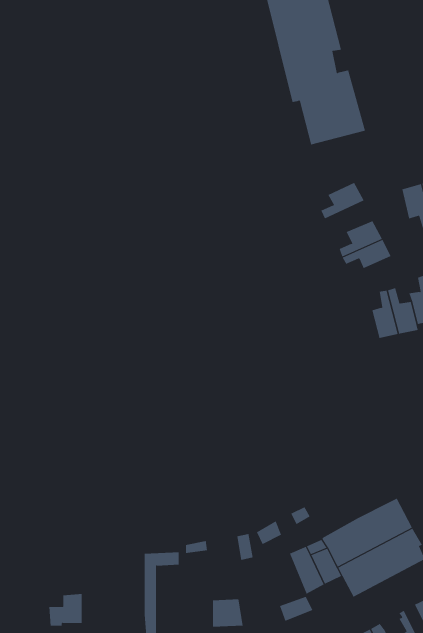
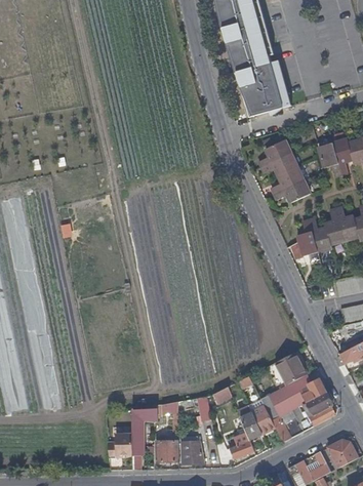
building: none -> [263,155,297,177]
building: none -> [276,351,309,383]
building: none -> [157,435,178,460]
building: [48,594,83,626] -> [108,432,132,455]

